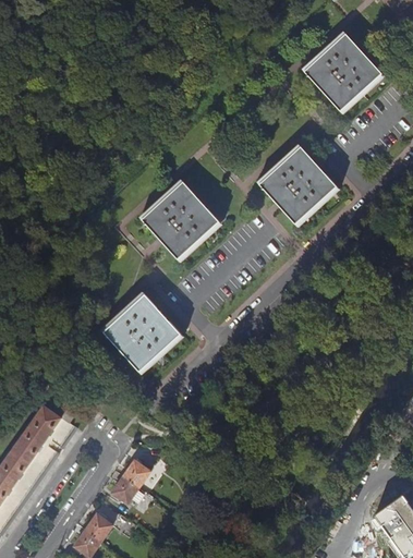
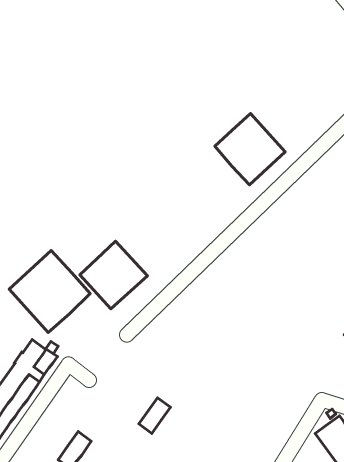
building: [303,29,380,107] -> none
building: [137,179,223,265] -> none
building: none -> [9,250,90,332]
building: [113,460,150,501] -> [139,398,171,433]

